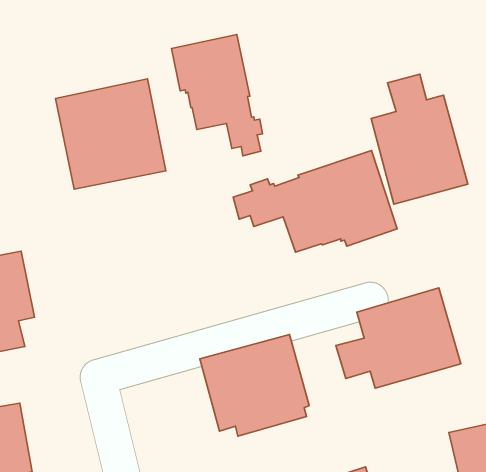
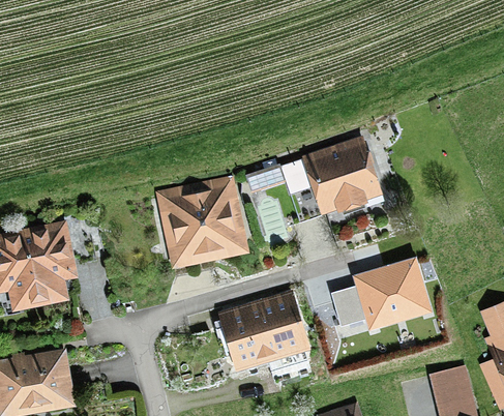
building: [171,34,262,156] -> none
building: [371,74,468,204] -> none
building: [56,79,166,189] -> [156,175,249,268]

